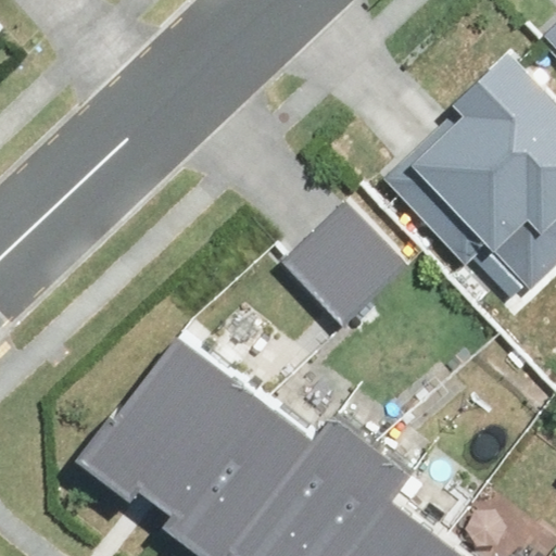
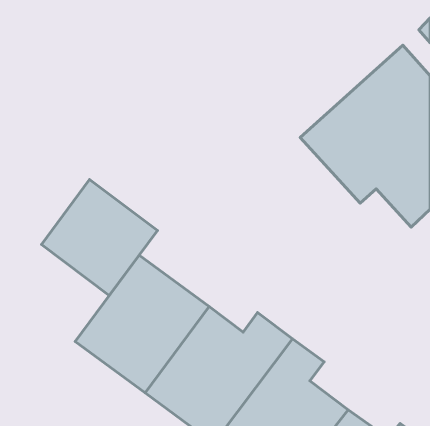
building: [275,212,400,337] -> none
building: none -> [41,180,157,295]

